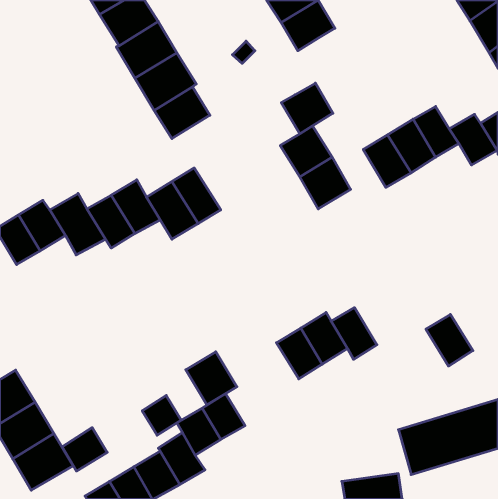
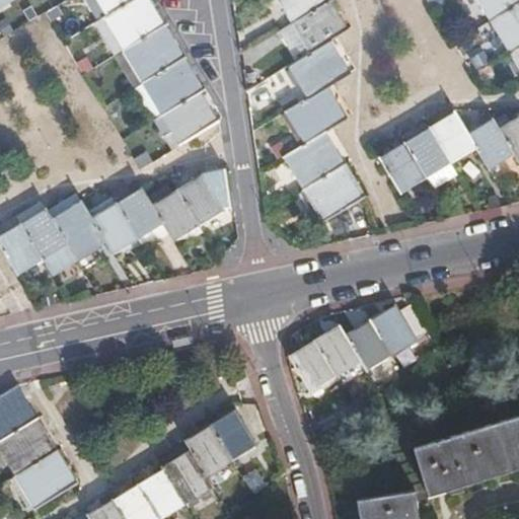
building: none -> [286,40,350,98]
building: [426,314,473,366] -> [368,304,417,358]
building: [186,352,237,405] -> none
building: [142,395,181,435] -> none
building: [62,428,107,471] -> none

